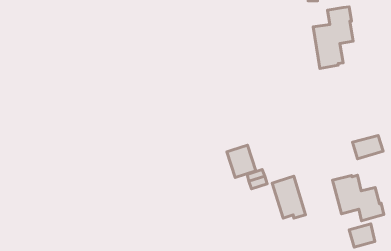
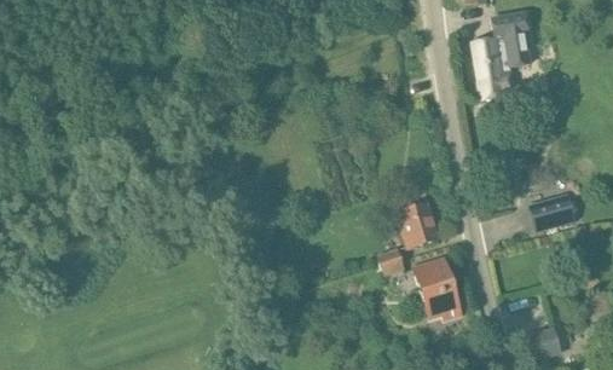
building: [227,145,256,178] -> [397,201,439,248]
building: [332,175,384,221] -> none

